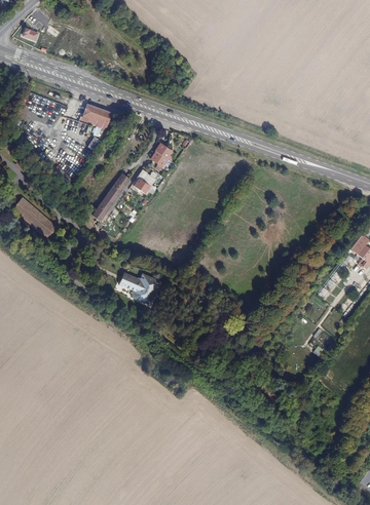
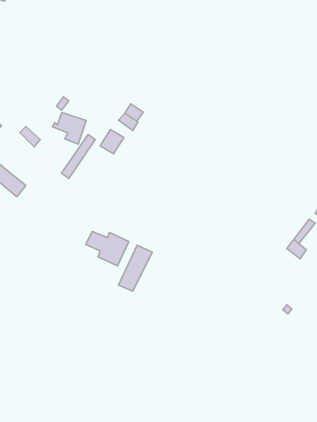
building: [78,105,112,137] -> [53,112,86,144]
building: none -> [119,245,152,291]

